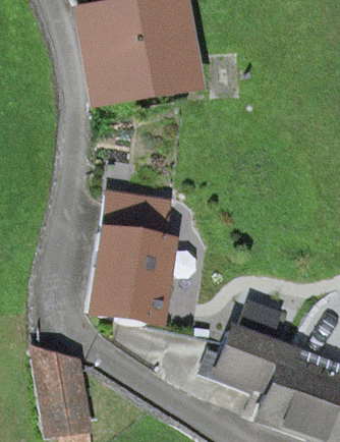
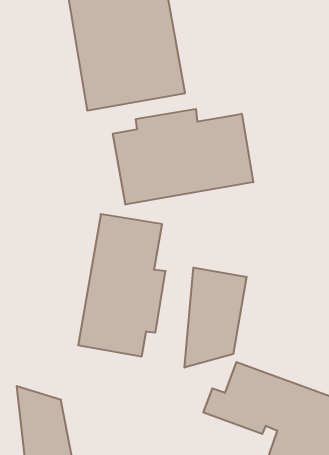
building: none -> [113,109,253,205]
building: none -> [185,268,247,368]

